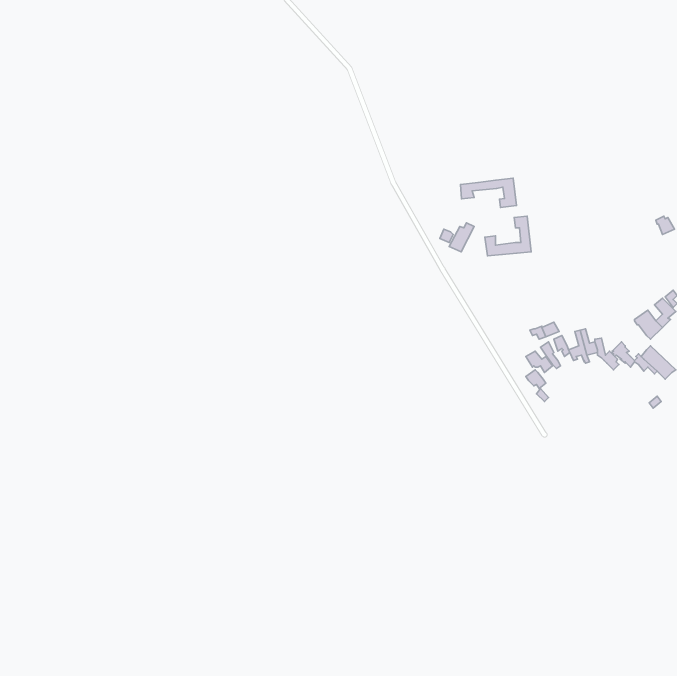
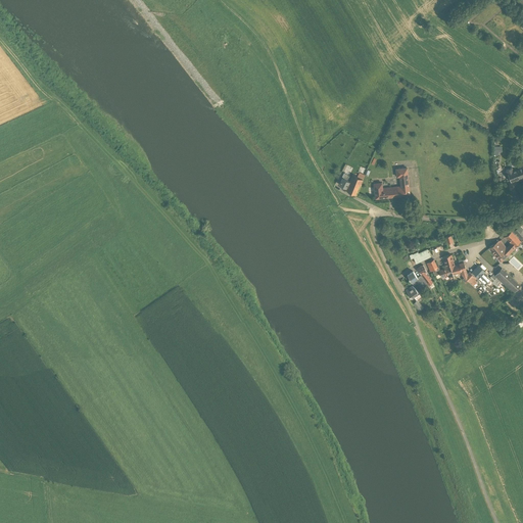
building: [461,178,516,207] -> none

